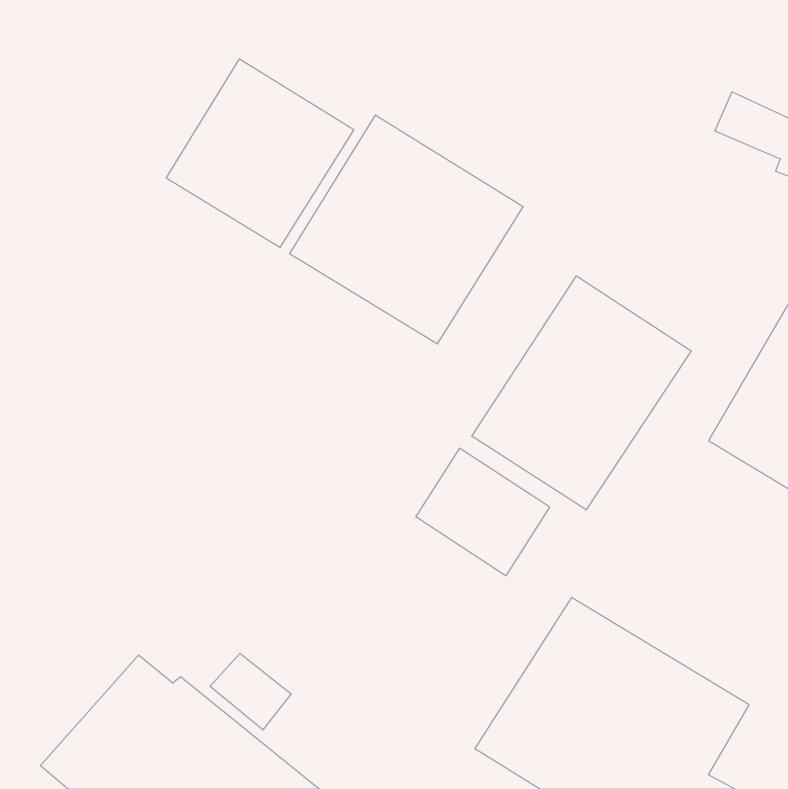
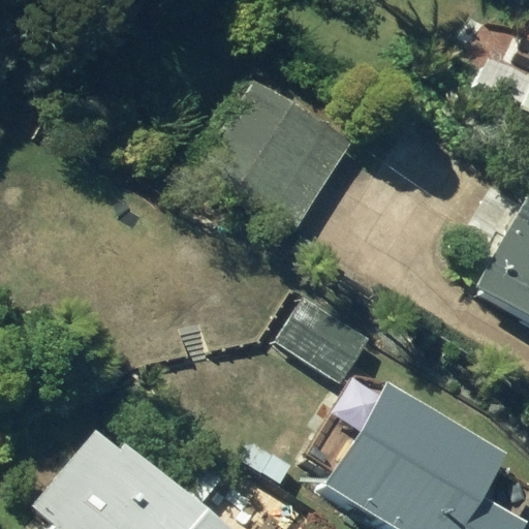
building: [166,59,354,247] -> none
building: [472,276,691,510] -> none

